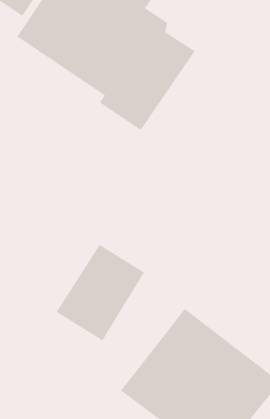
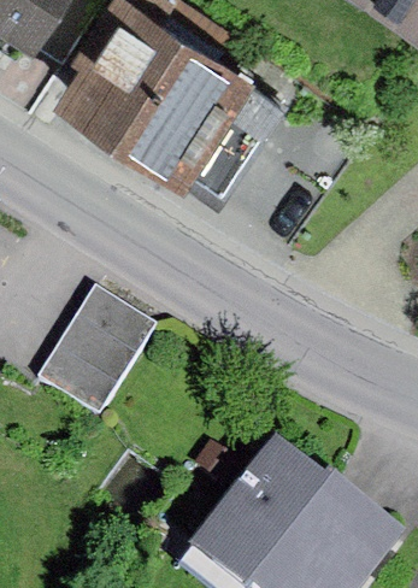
building: [56,244,145,341] -> [35,287,152,414]

